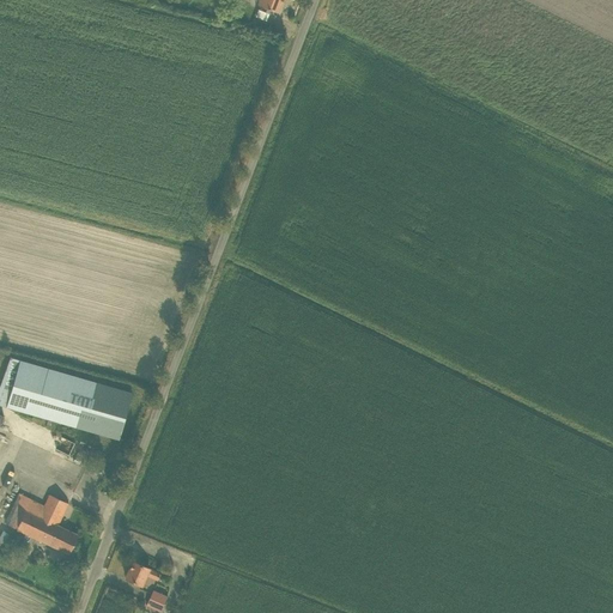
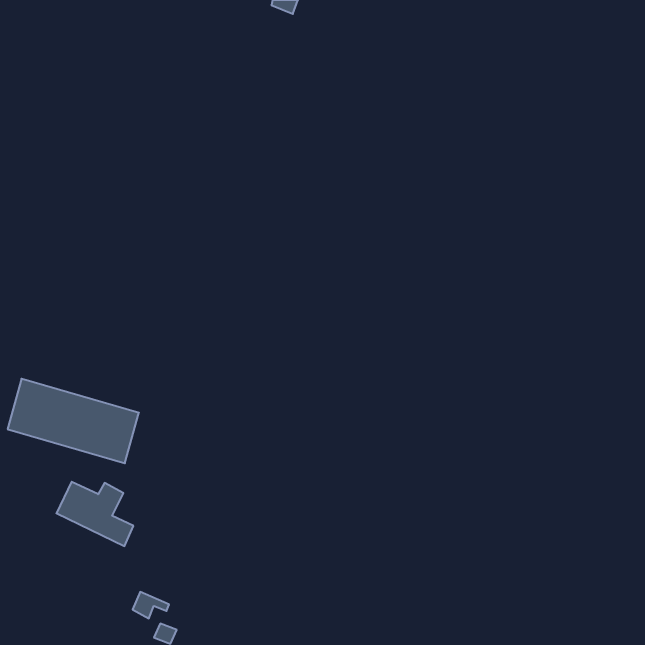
building: [5,493,78,554] -> [56,482,133,546]

